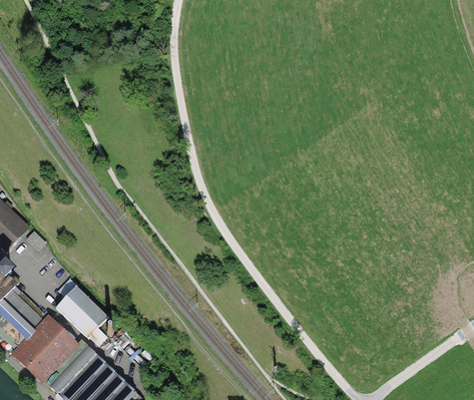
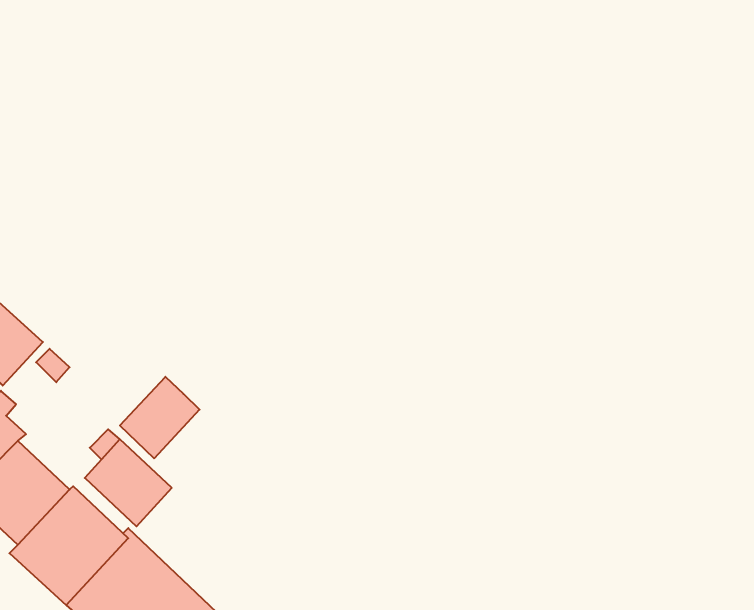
building: none -> [120,377,200,458]

